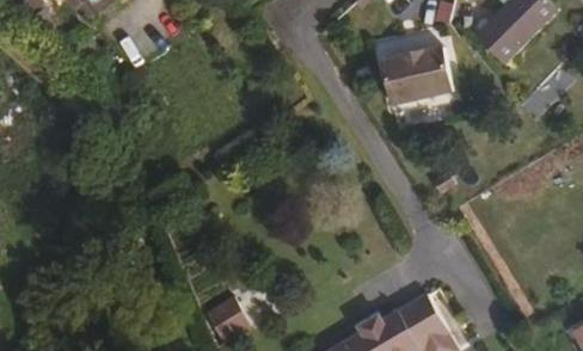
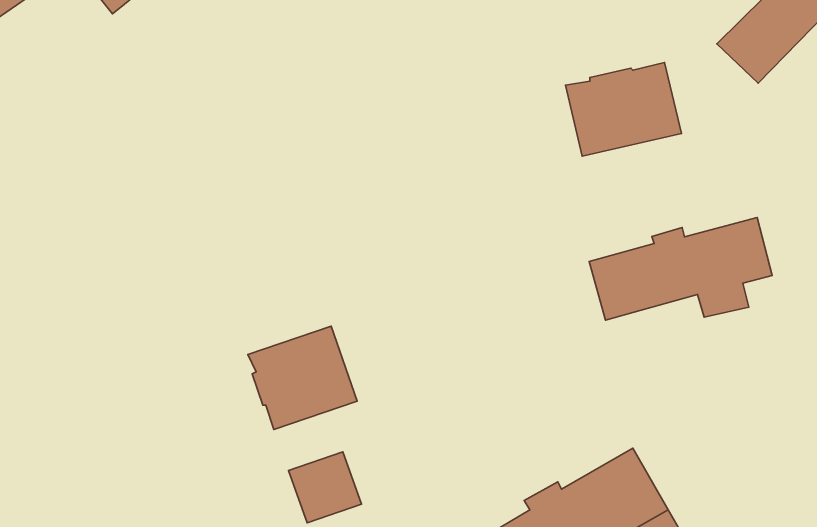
building: none -> [589,218,772,320]
building: none -> [248,326,357,429]

